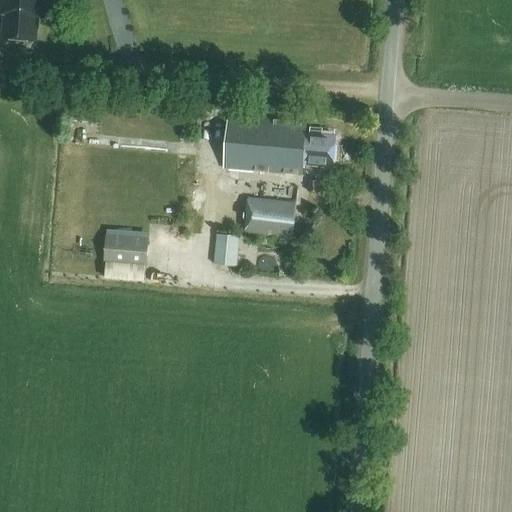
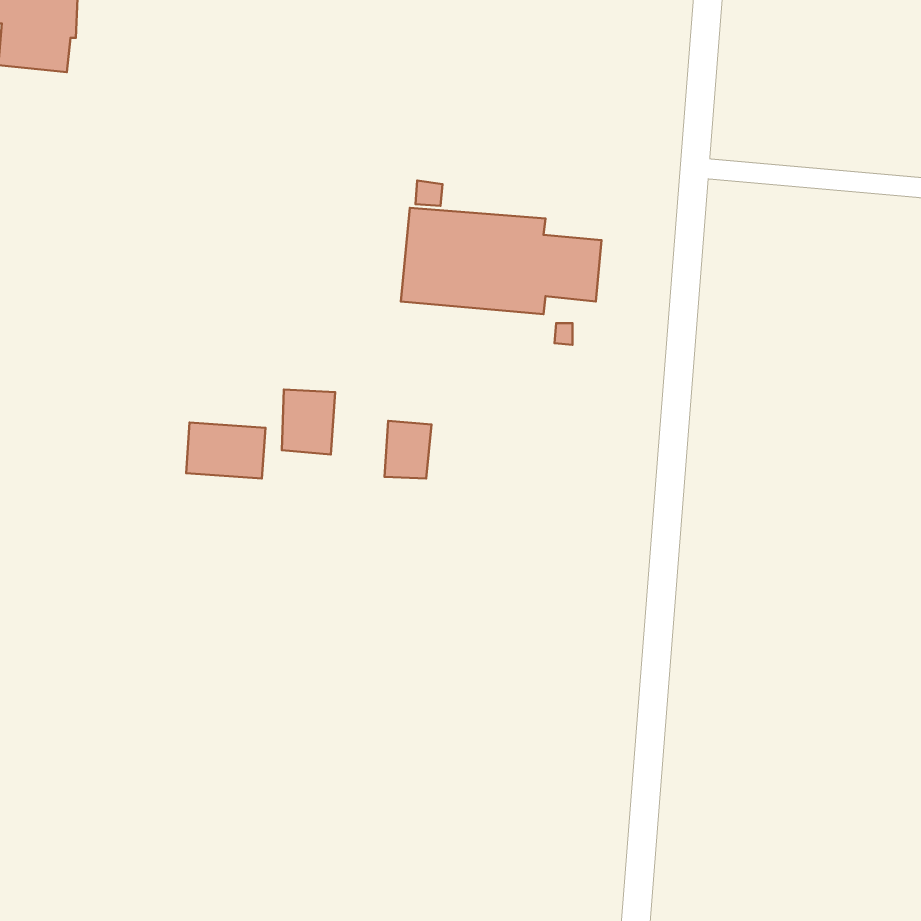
building: [245,197,295,237] -> none
building: none -> [282,390,335,455]

